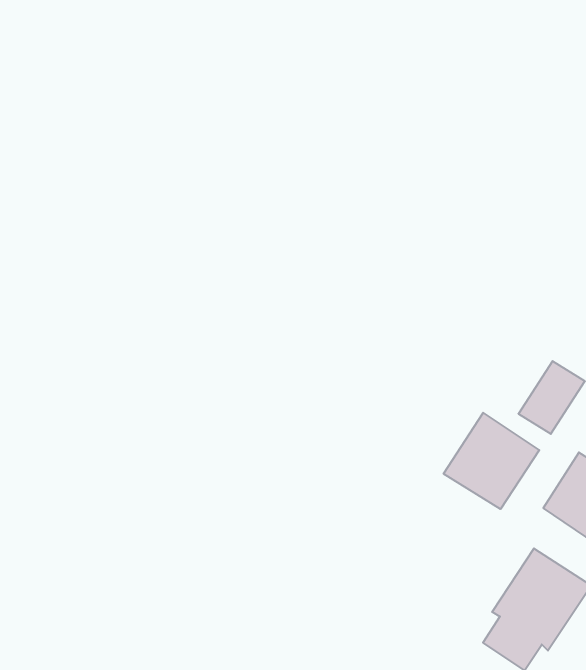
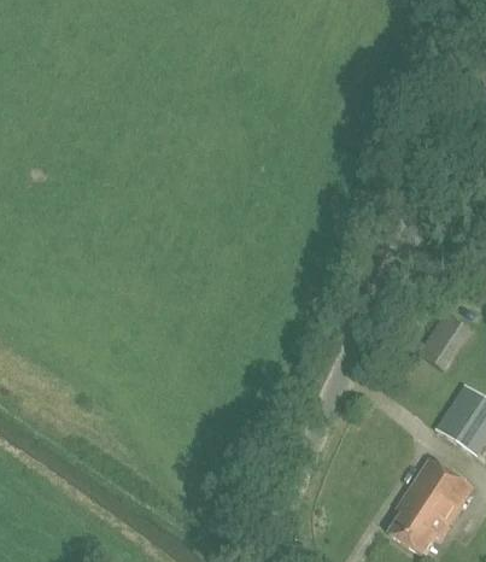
building: [444,413,539,509] -> none

